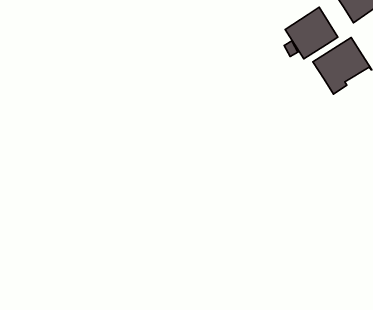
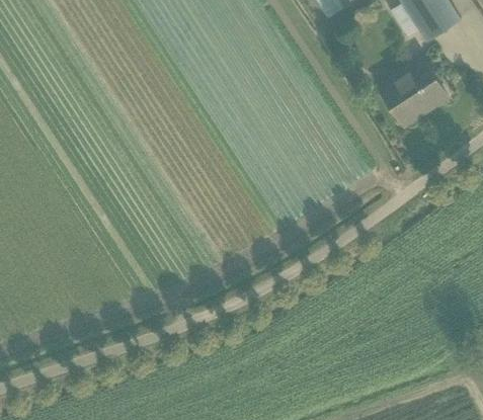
building: [285,7,338,59] -> none

